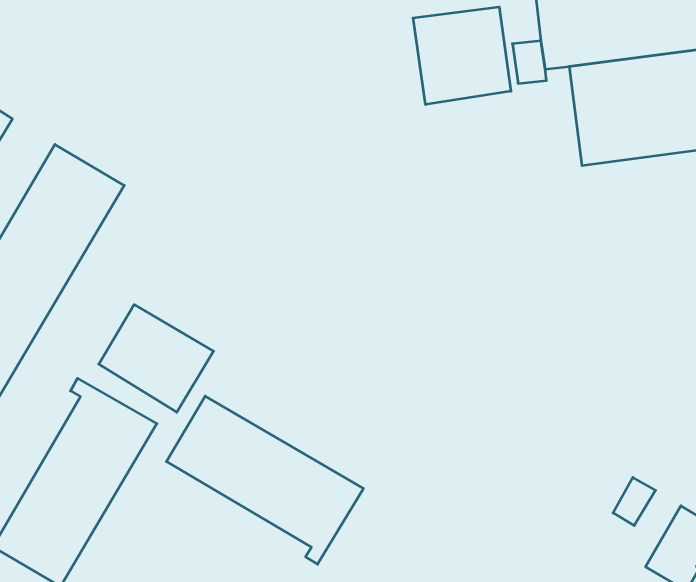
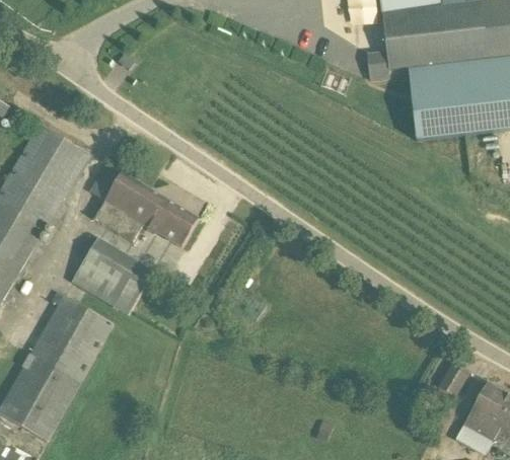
building: [413,7,511,105] -> none
building: none -> [90,162,199,246]
building: [166,396,363,564] -> none

